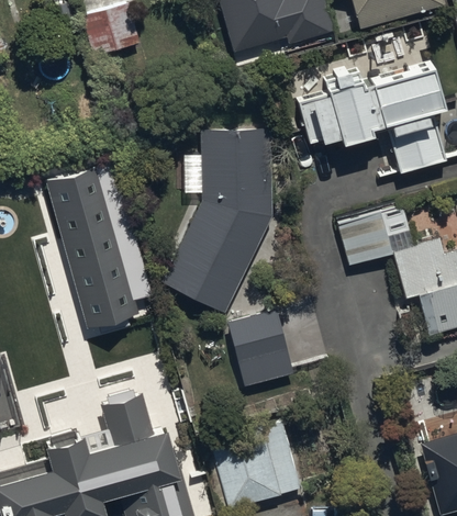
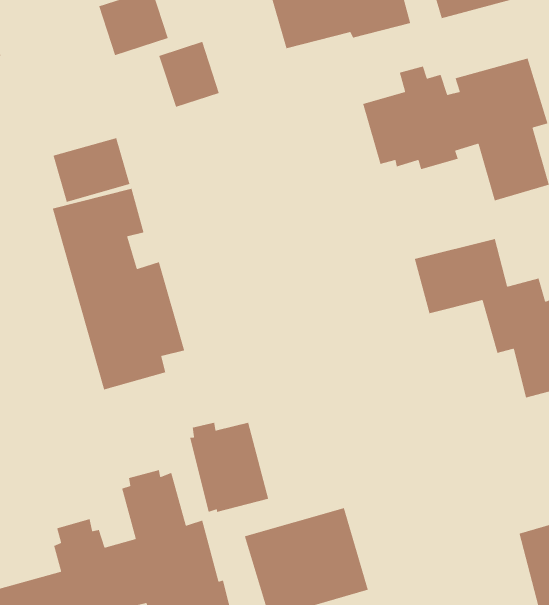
building: none -> [158,41,220,108]
building: none -> [53,137,130,203]
building: [160,128,274,314] -> none
building: [228,310,293,383] -> [189,422,269,513]

